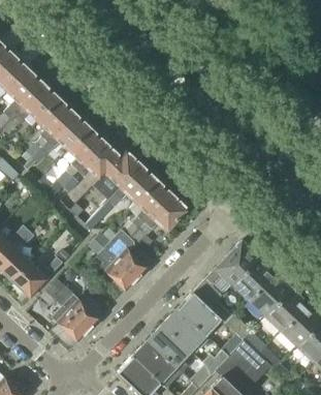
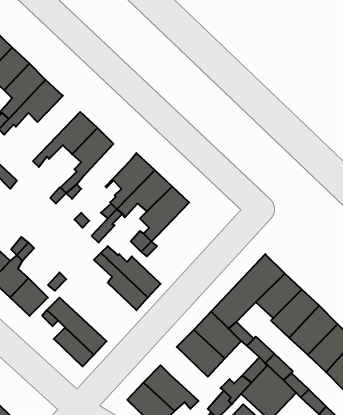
building: [28,97,75,156] -> none
building: [77,141,121,179] -> none
building: [145,193,189,232] -> none
building: [148,324,190,372] -> none

